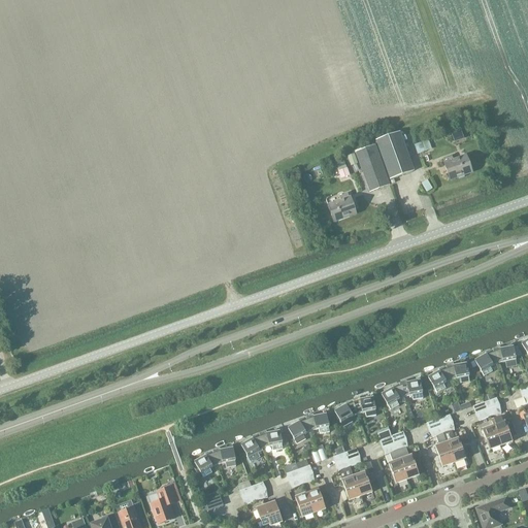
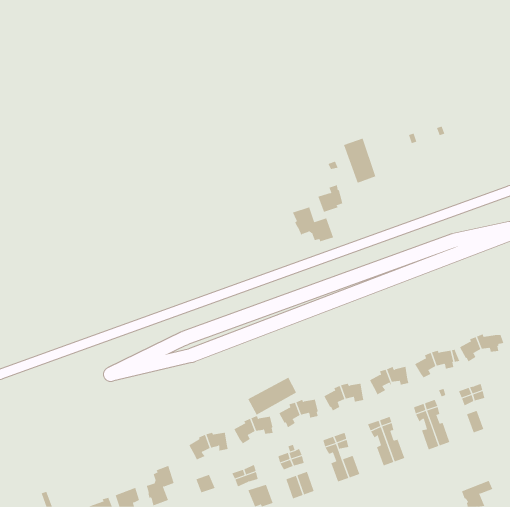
building: [375,129,414,177] -> none
building: [444,153,472,175] -> none
building: none -> [292,206,334,242]
building: none -> [248,377,297,416]
building: [491,414,517,443] -> none

